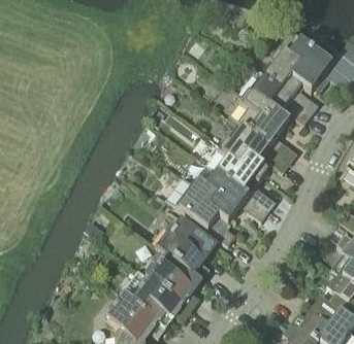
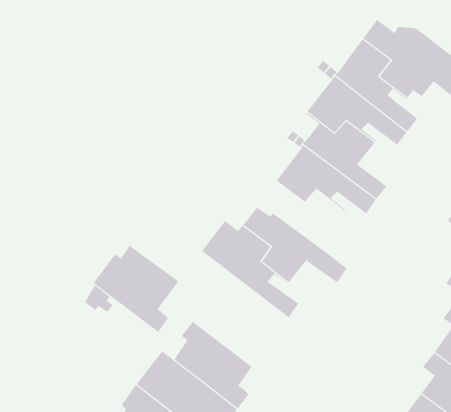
building: [205,148,277,210] -> none
building: [156,217,217,279] -> [93,245,179,333]

